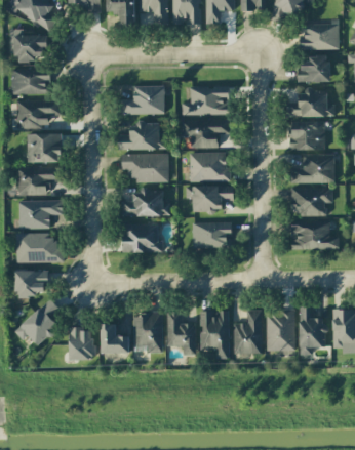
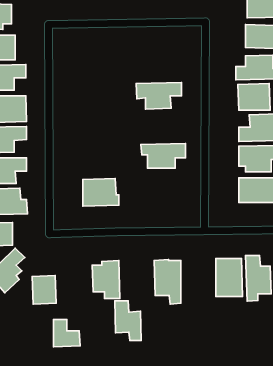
building: [121,86,165,115] -> none
building: [182,86,229,115] -> none
building: [118,123,166,151] -> none
building: [190,153,231,181] -> none
building: [121,154,168,182] -> none
building: [122,190,170,216] -> none
building: [193,222,232,248] -> none
building: [234,310,263,354] -> none
building: [167,312,196,355] -> [115,301,141,341]
building: [102,324,130,354] -> [53,319,80,347]

